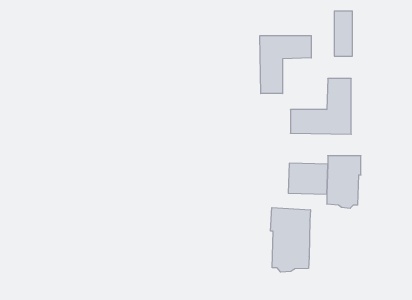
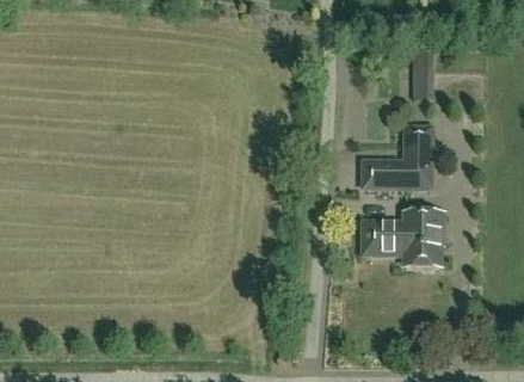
building: [260,36,311,94] -> none
building: [271,208,310,272] -> none

